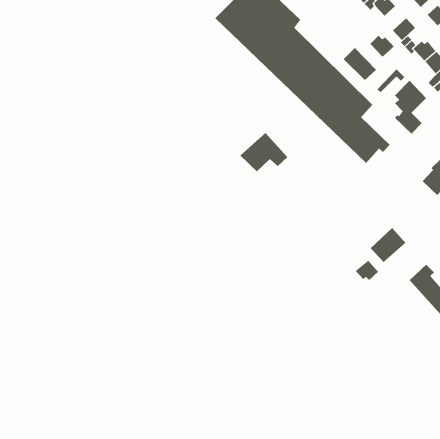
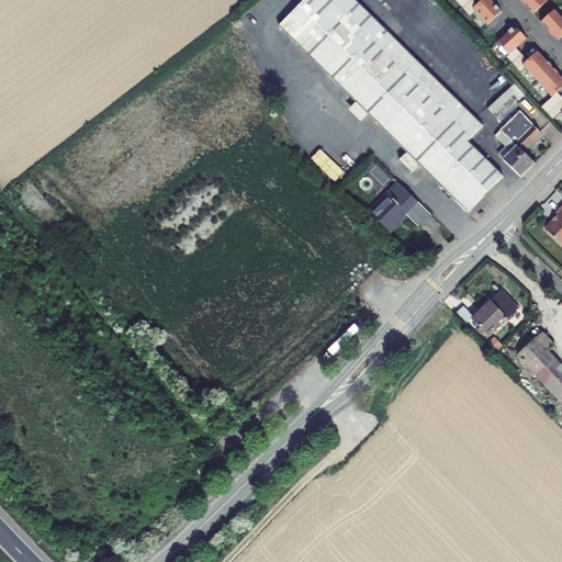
building: [370,35,395,57] -> none
building: [343,47,377,81] -> none
building: [240,132,288,172] -> [369,181,430,232]
building: [355,260,379,281] -> none

